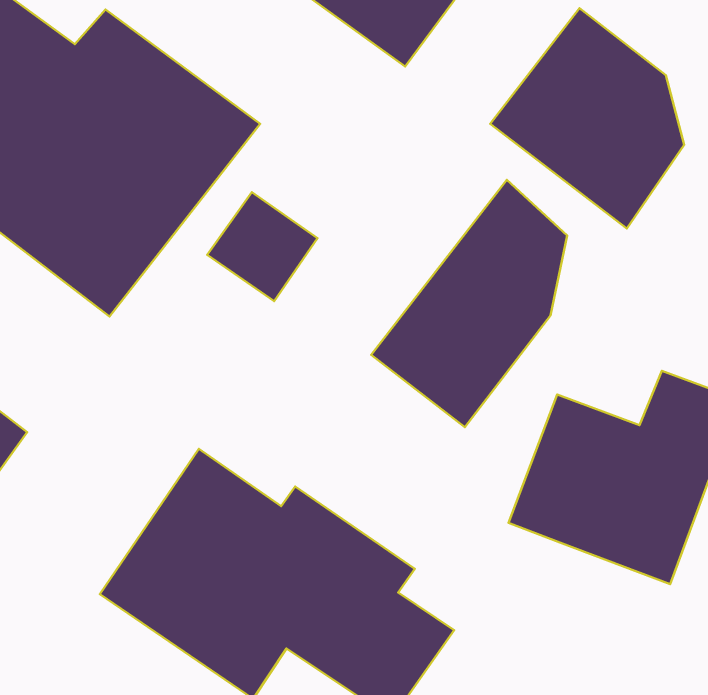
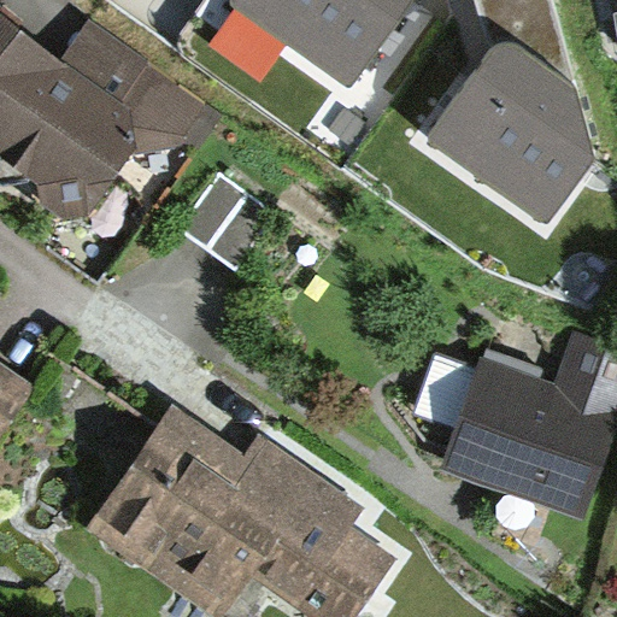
building: [371,180,567,427] -> none

